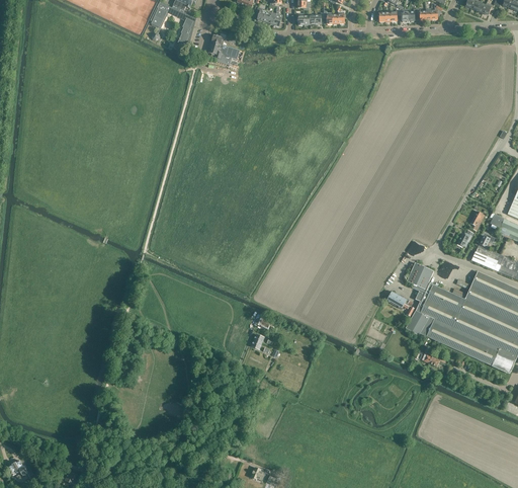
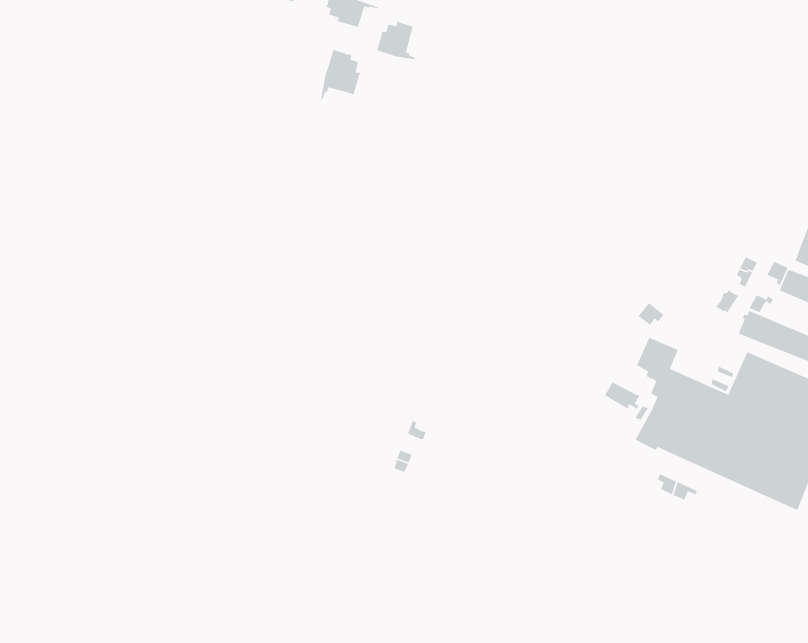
building: none -> [376,21,416,60]
building: none -> [320,49,361,101]

